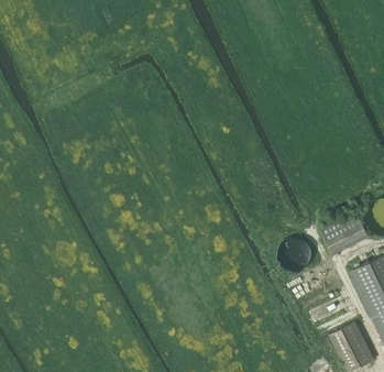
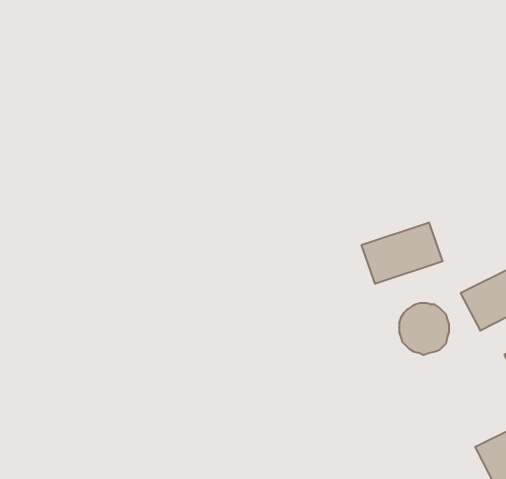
building: none -> [362,222,443,284]

